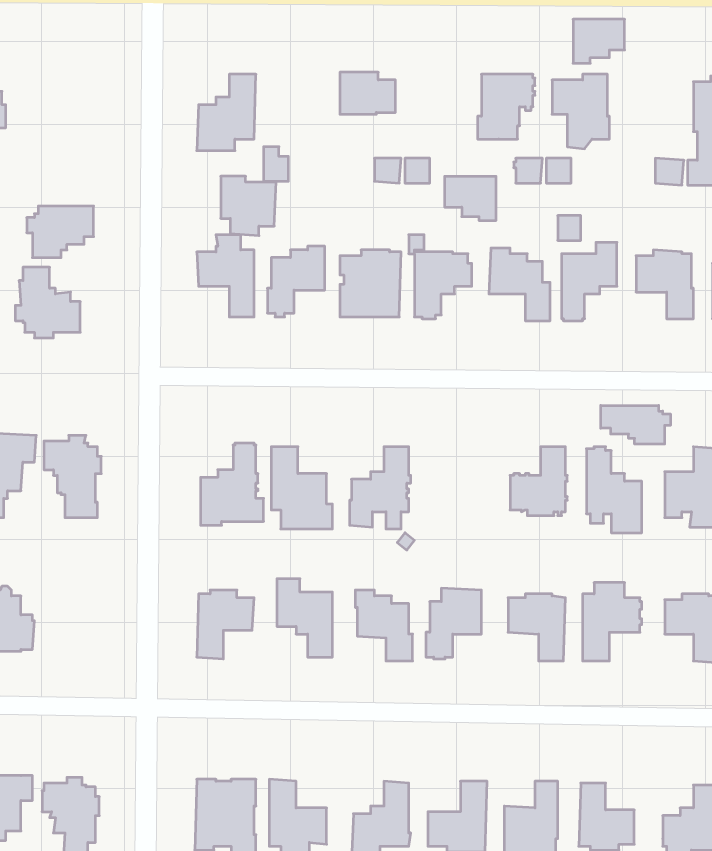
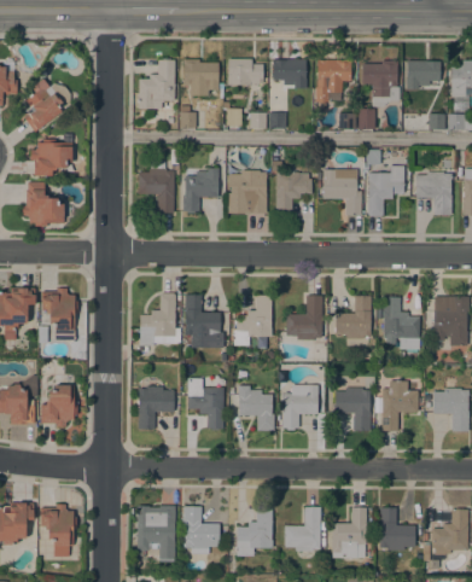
building: [573,19,625,63] -> [407,62,439,89]
building: none -> [24,78,63,132]
building: [221,176,276,236] -> [183,59,218,97]
building: [445,176,496,220] -> [273,60,305,88]
building: [601,405,670,444] -> none
building: none -> [286,296,322,341]
building: none -> [41,386,77,427]

